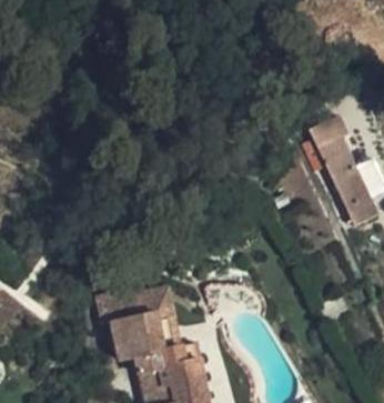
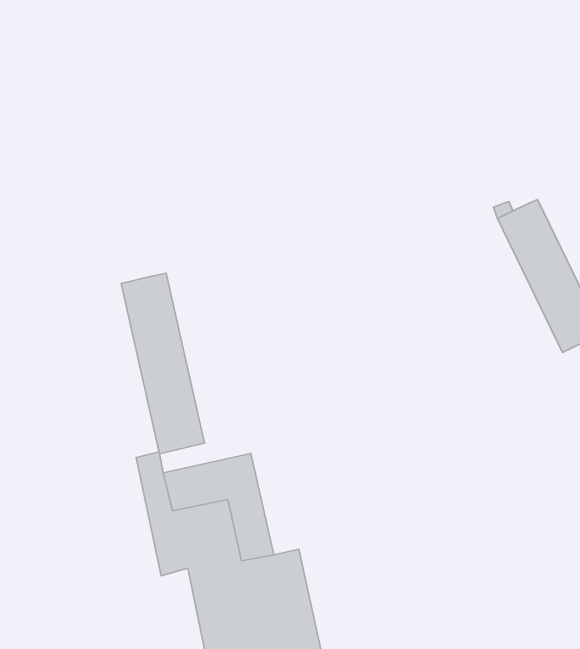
building: none -> [121,273,205,454]

